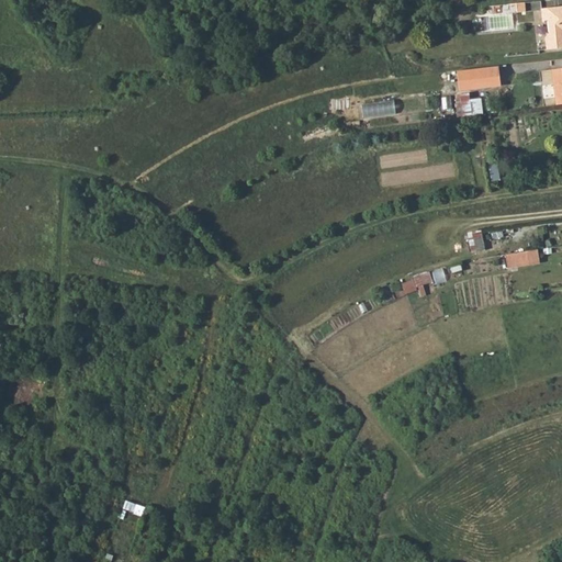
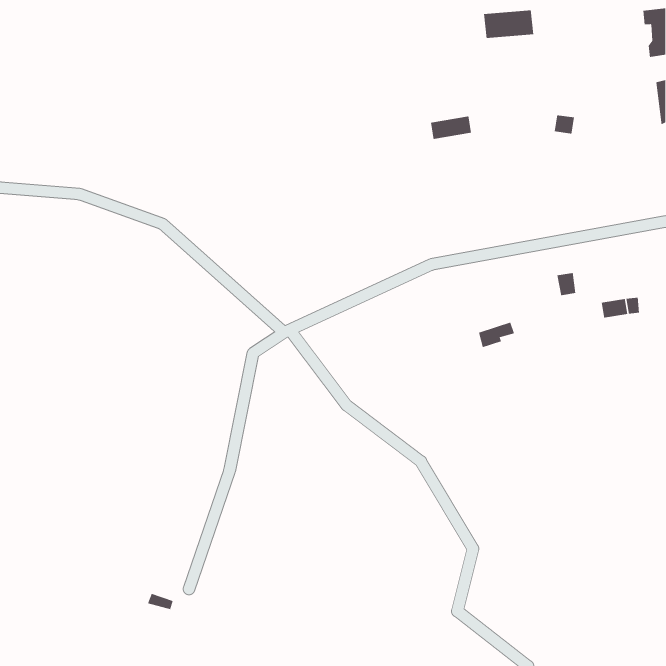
building: [458,67,501,91] -> [483,10,534,39]

